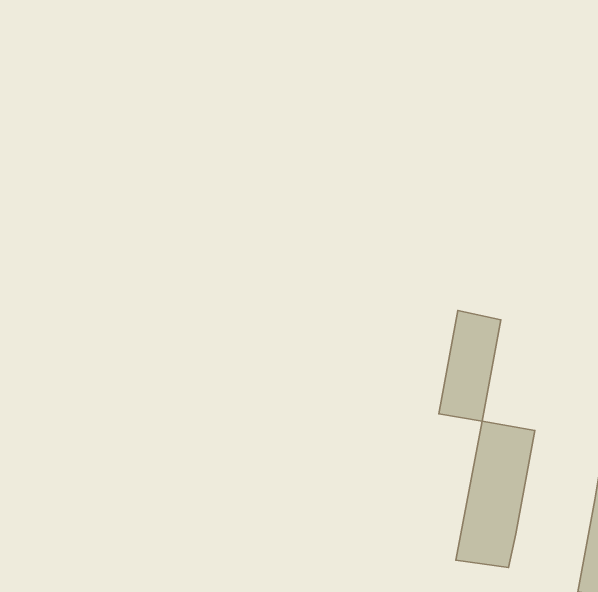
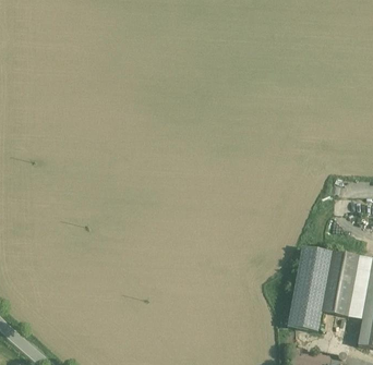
building: [439,311,501,421] -> [323,251,359,315]

